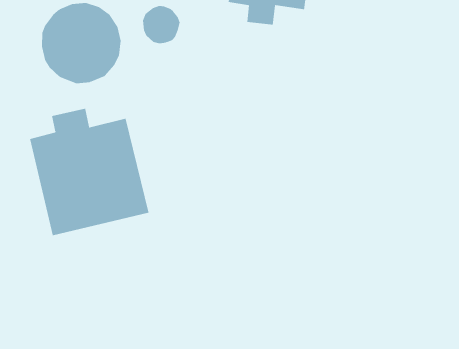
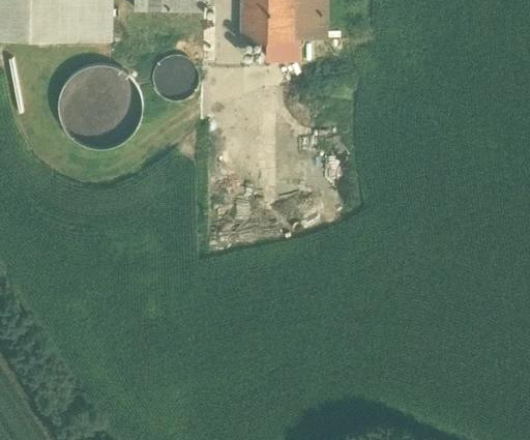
building: [30,108,149,236] -> none

